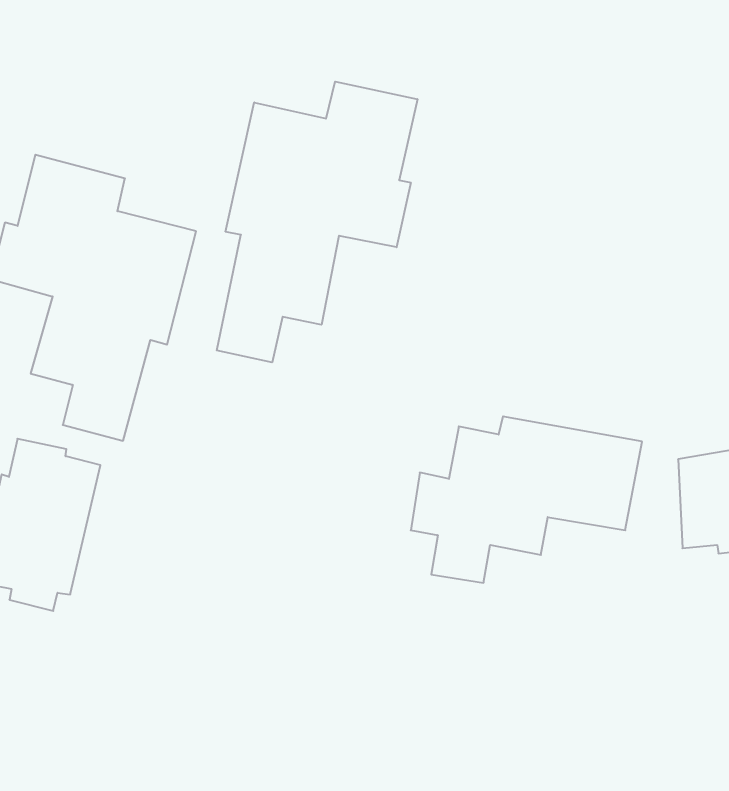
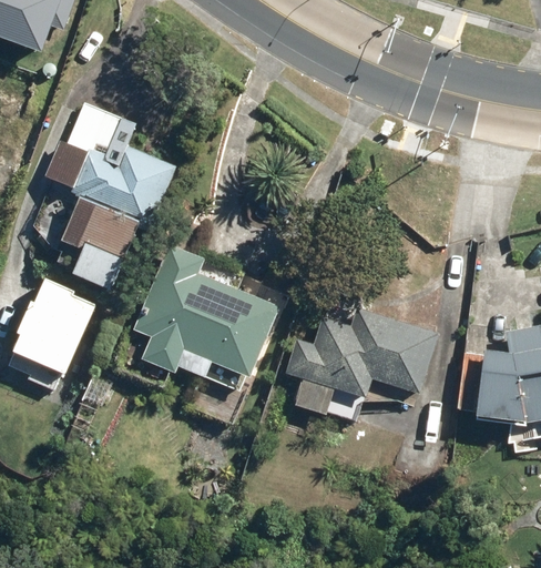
building: [217,82,417,362] -> none
building: none -> [136,246,279,379]

